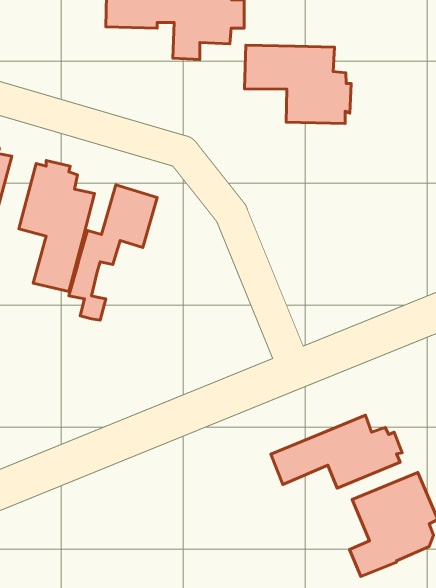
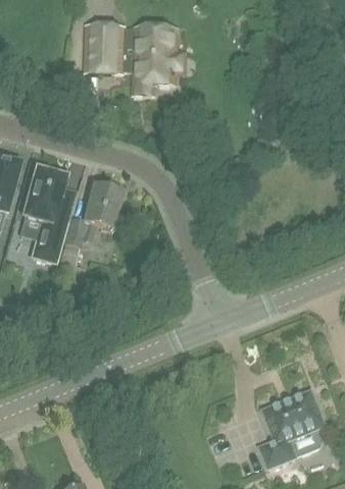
building: [244,45,351,124] -> none
building: [271,415,402,488] -> none

